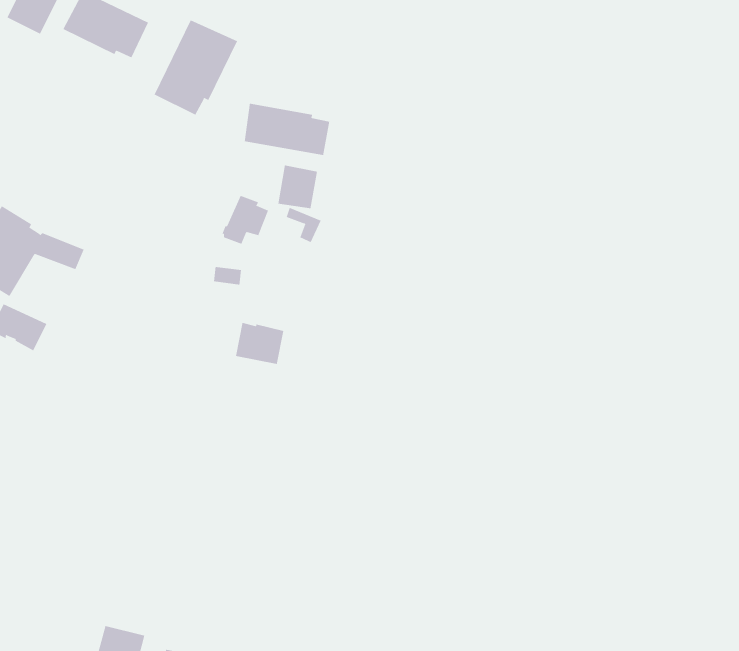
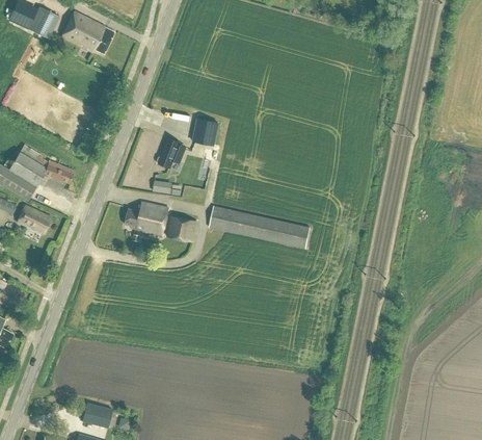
building: [154,19,238,116] -> none
building: [244,103,330,156] -> none
building: none -> [125,201,168,234]
building: none -> [208,205,310,249]

